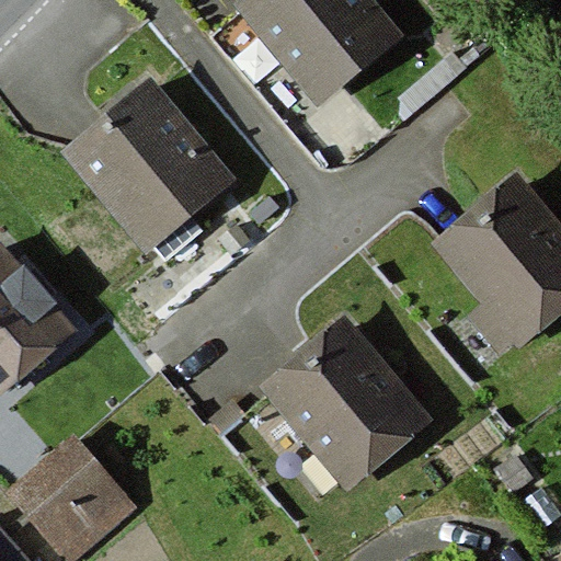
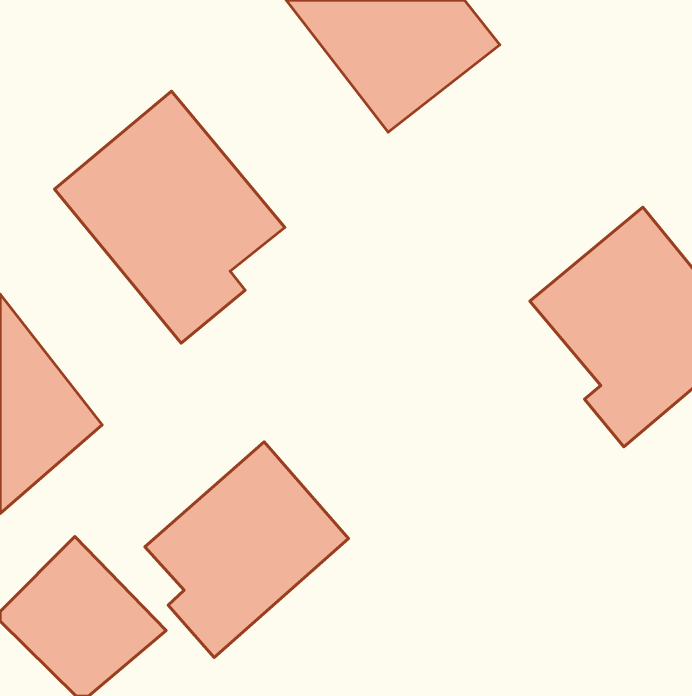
building: [252,314,433,494] -> none
building: none -> [145,442,348,657]

